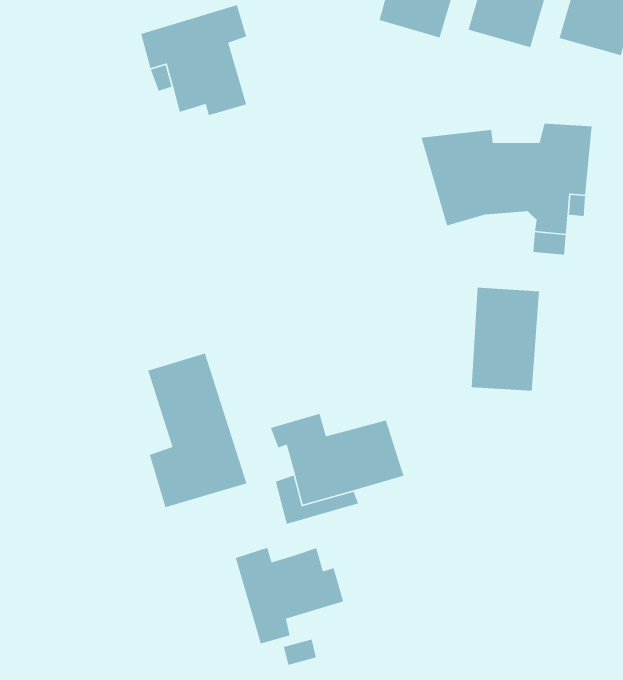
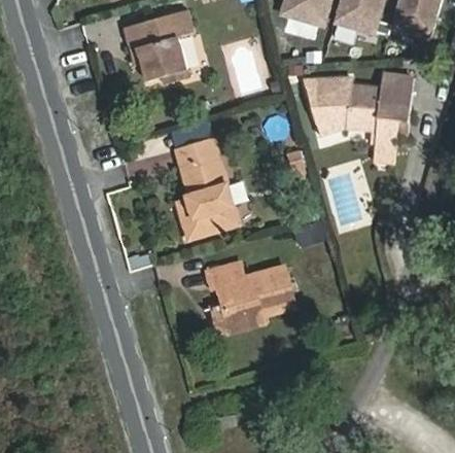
building: [471,287,540,391] -> none
building: [147,352,248,508] -> [175,129,239,228]
building: [235,547,344,644] -> none

